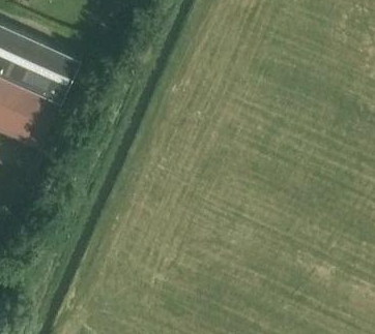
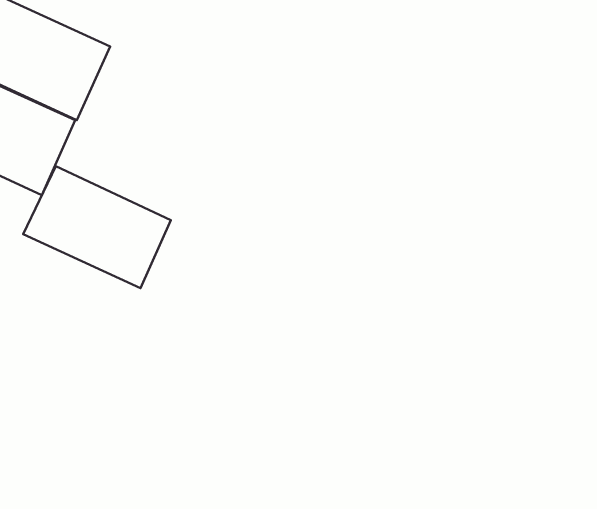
building: none -> [23,166,171,288]

